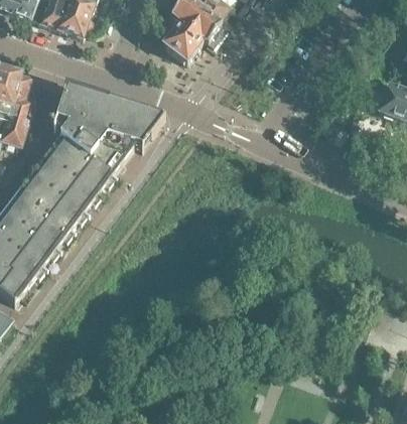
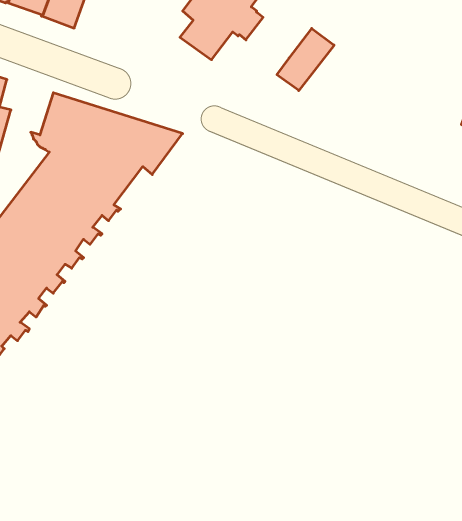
building: none -> [277,28,334,91]

